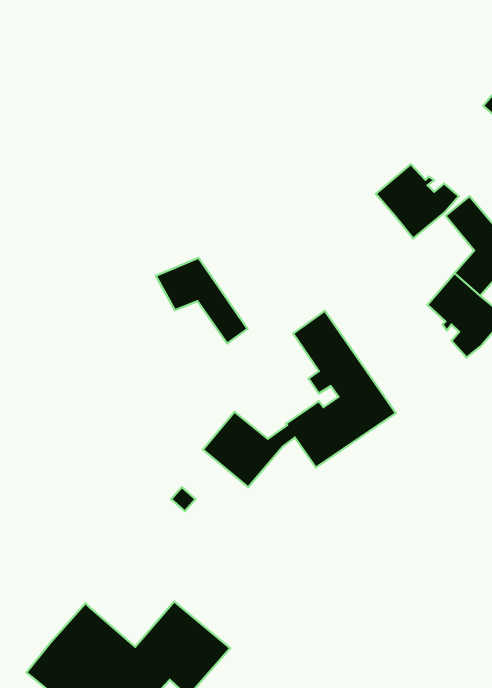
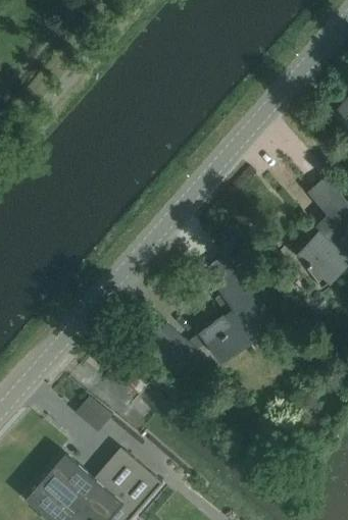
building: [376,164,459,238] -> none
building: [156,258,247,344] -> none

